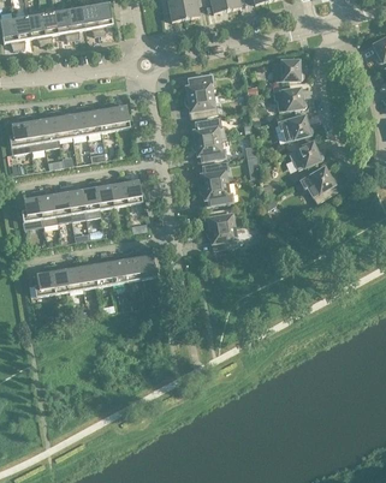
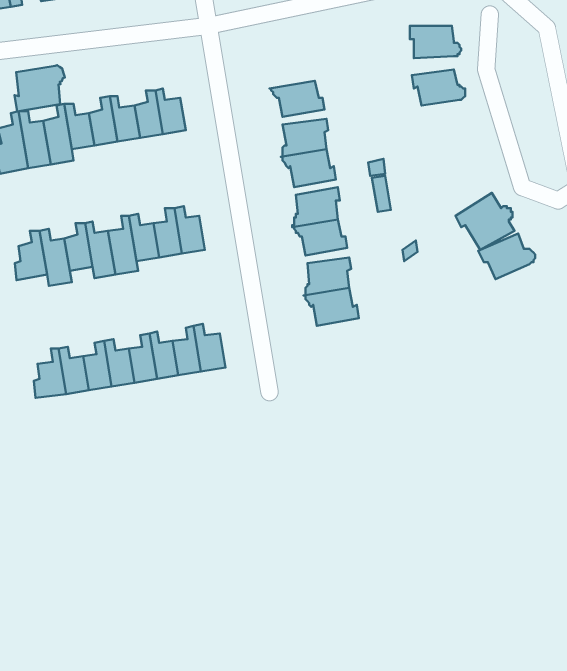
building: [183,74,213,100] -> none
building: none -> [14,65,65,111]
building: [279,114,314,141] -> none
building: [287,141,323,169] -> [478,234,535,279]

